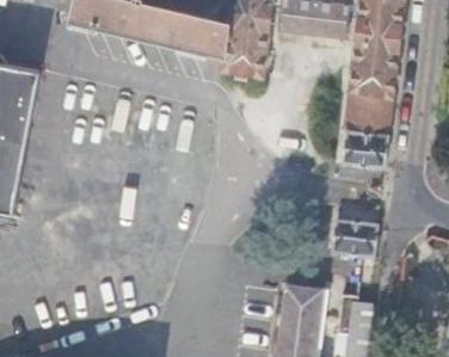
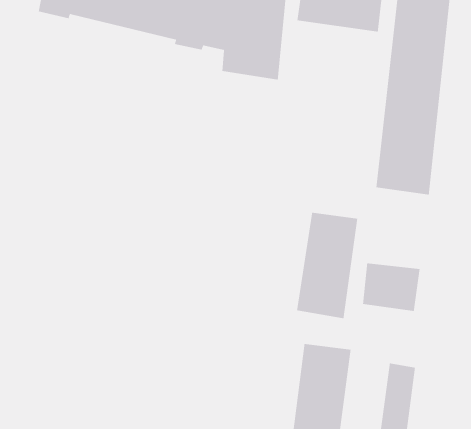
building: none -> [296,212,358,319]

